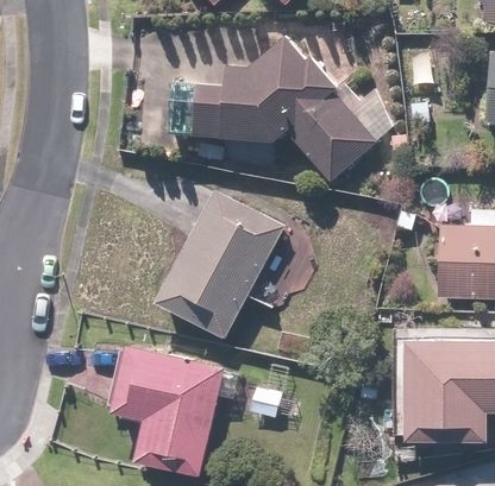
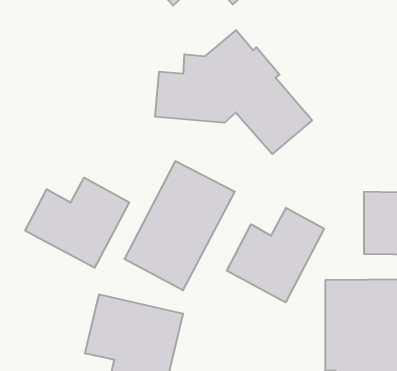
building: none -> [25,178,129,268]
building: none -> [227,208,324,302]

